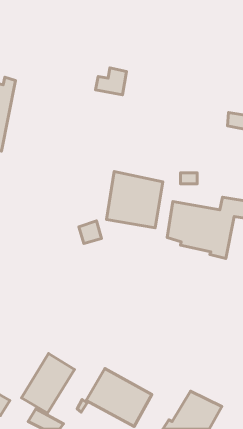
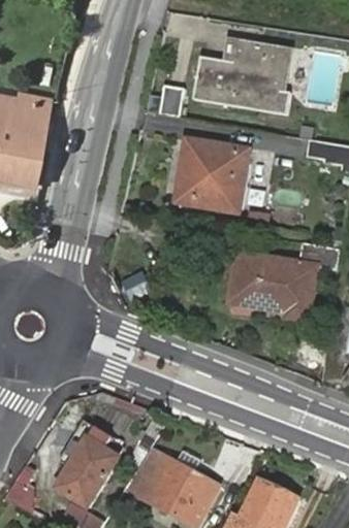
building: none -> [192,36,291,113]
building: [106,172,163,228] -> [177,138,246,207]

